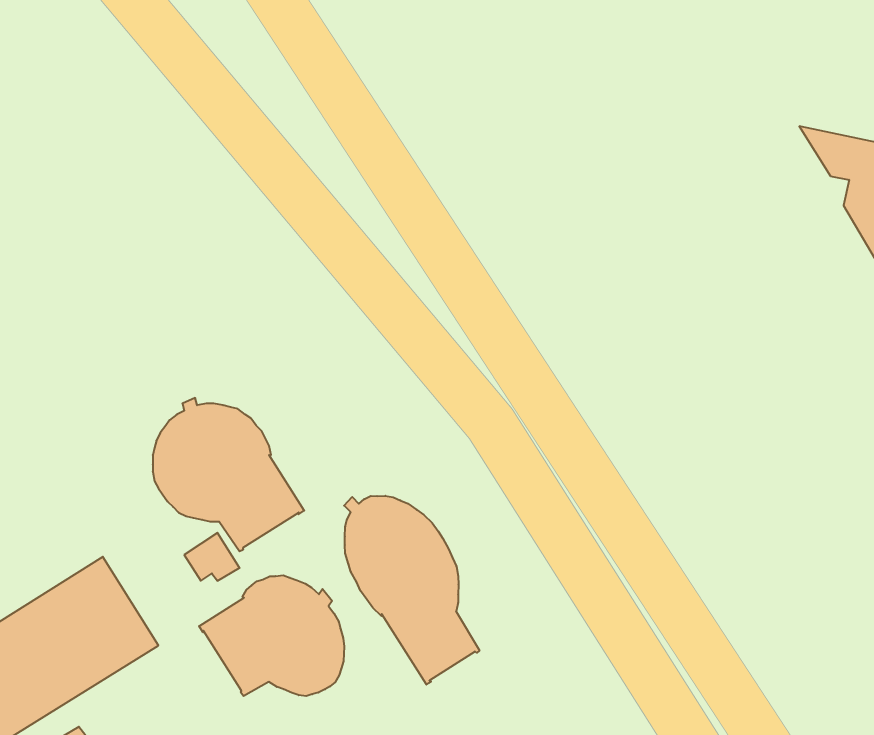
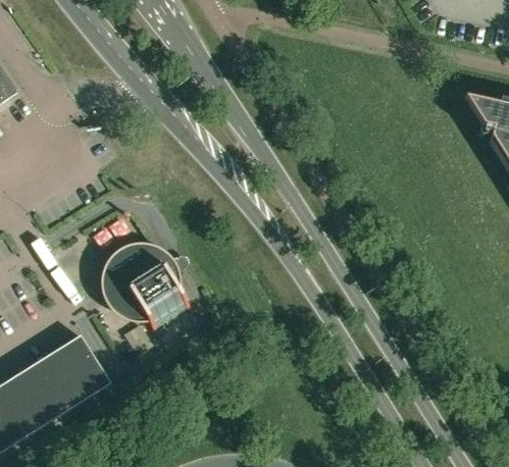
building: [344,496,479,685] -> none
building: [199,575,344,696] -> none

